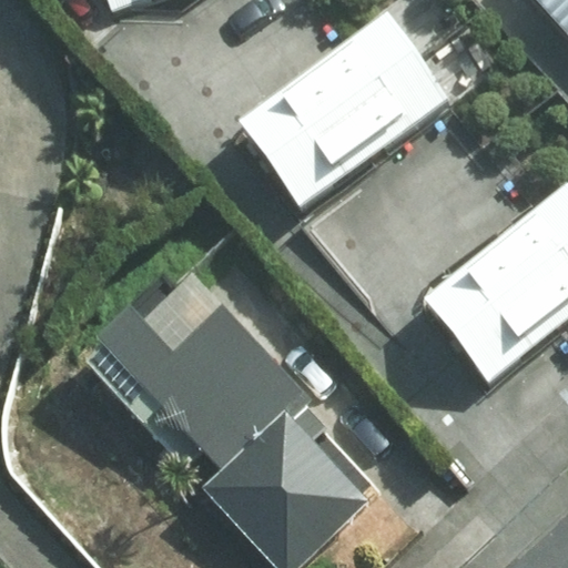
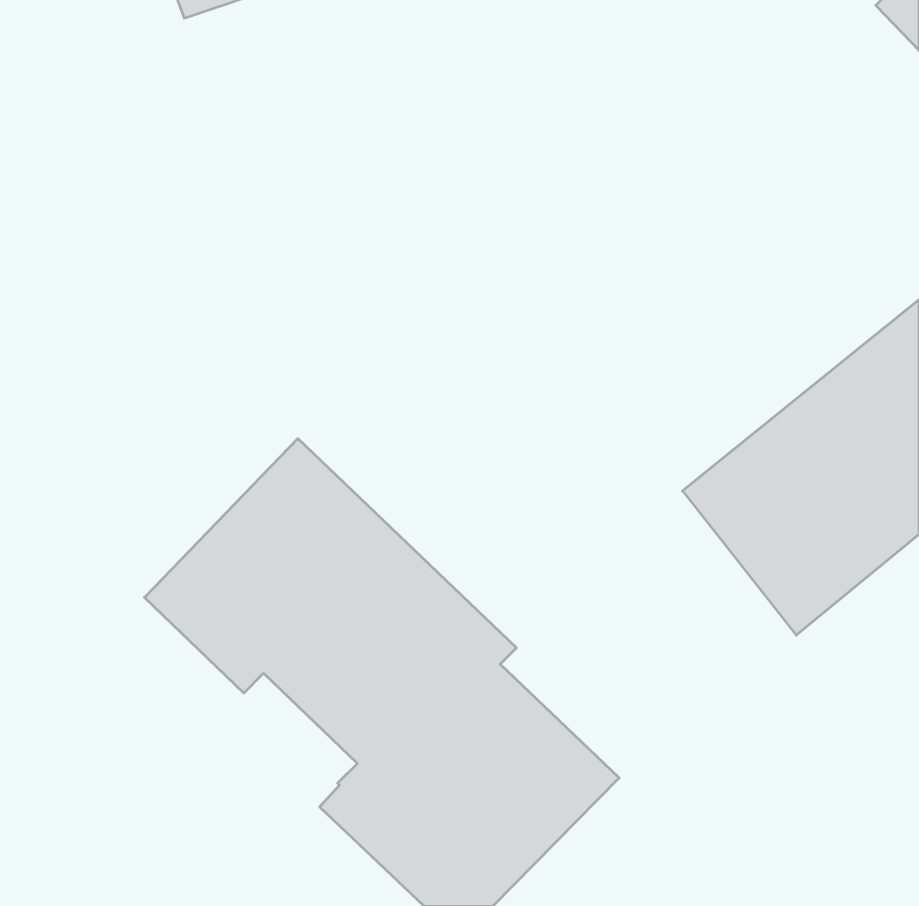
building: [245,10,457,210] -> none

